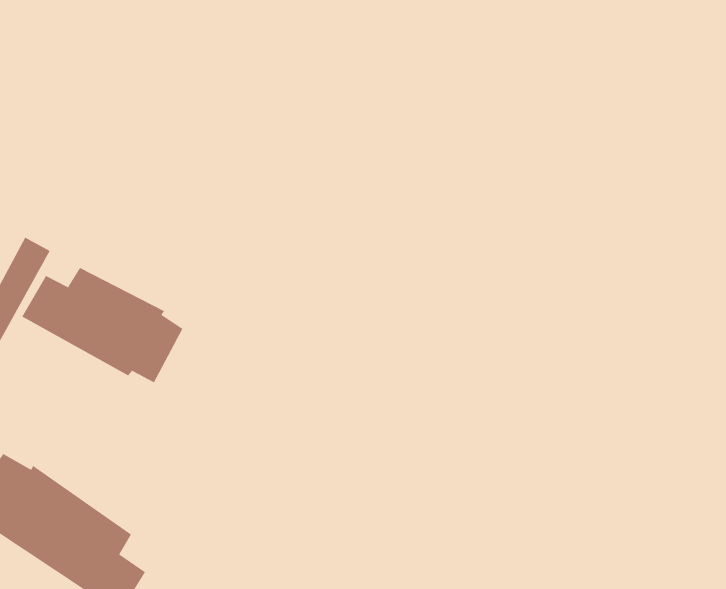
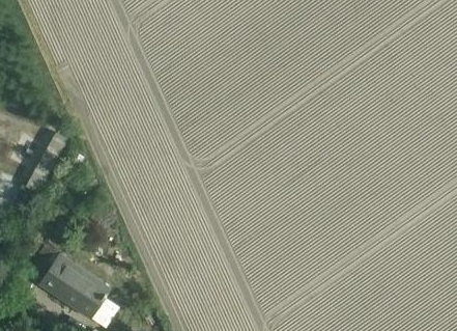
building: [21,267,183,383] -> none

